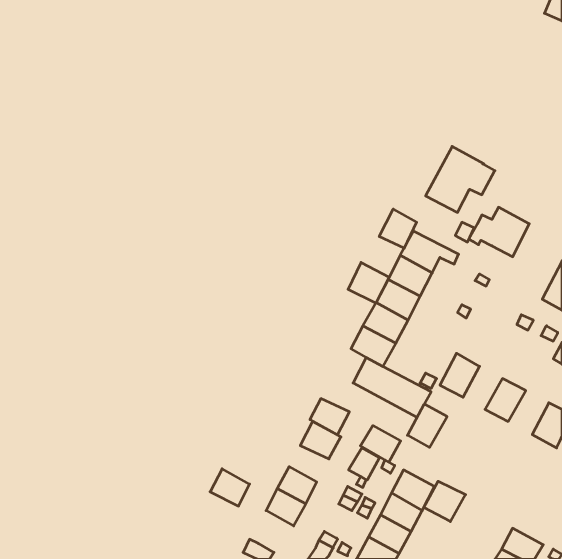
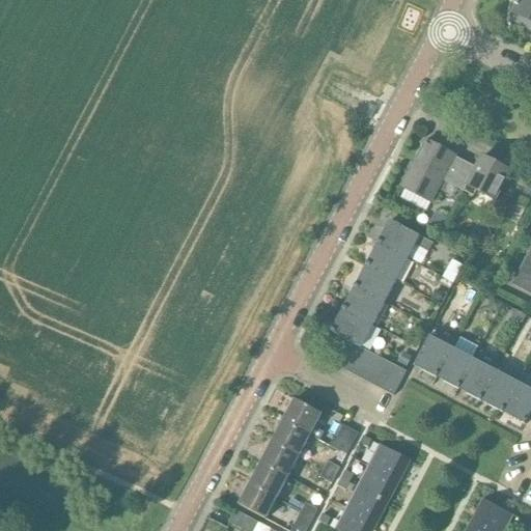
building: [469,207,529,257] -> [454,153,511,200]
building: [379,209,417,248] -> none
building: [348,262,389,303] -> none
building: none -> [479,368,518,410]
building: [310,399,349,435] -> [273,420,310,454]
building: [407,405,447,447] -> [437,345,474,386]
building: [360,426,401,462] -> none
building: [210,469,250,506] -> [240,481,277,516]
building: [424,481,466,522] -> none

